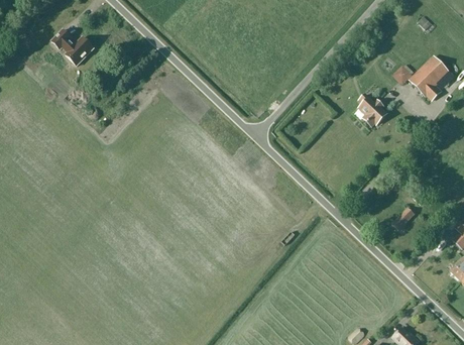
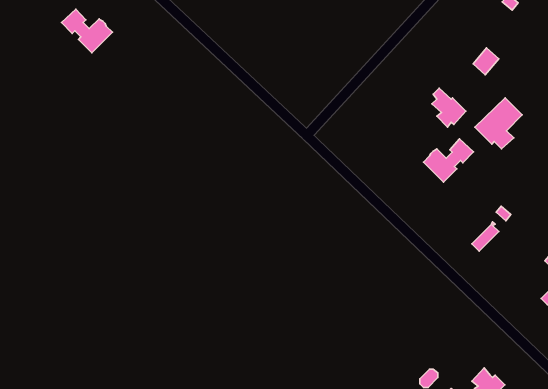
building: [410,55,449,98] -> [475,98,522,149]
building: none -> [423,139,474,182]

